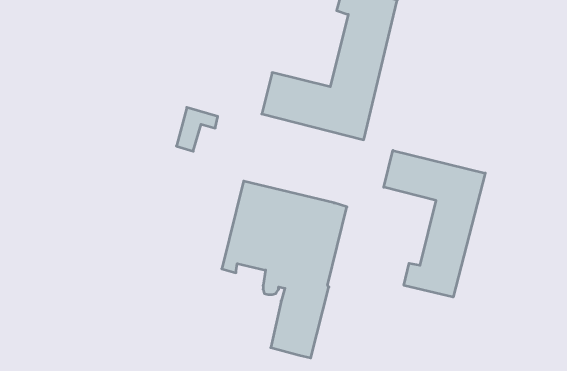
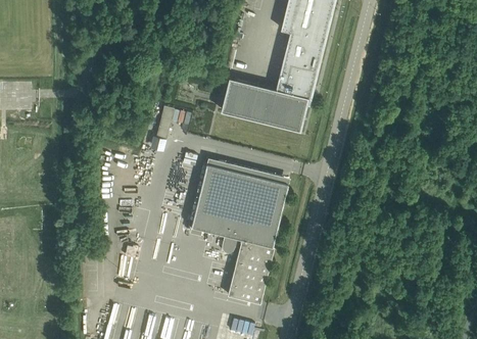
building: [384,150,485,297] -> none

